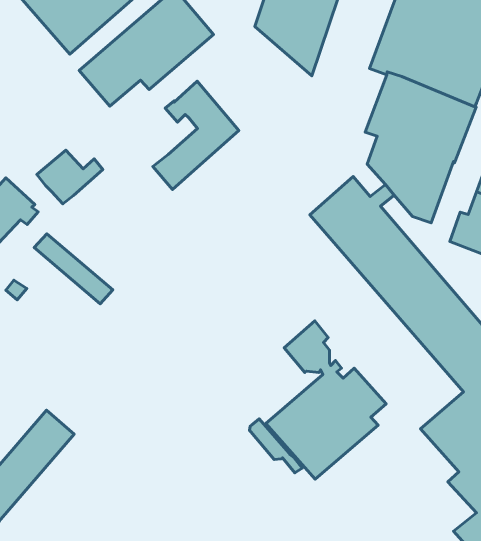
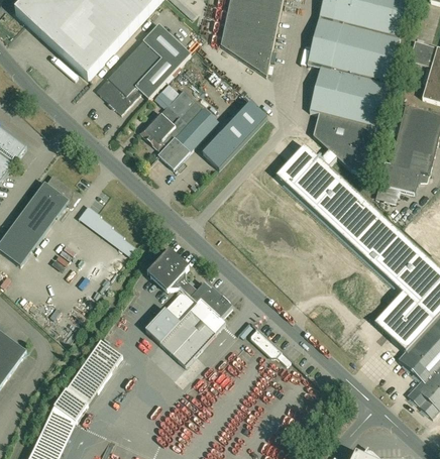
building: none -> [205,100,267,168]
building: [37,150,103,204] -> [139,111,187,150]
building: [266,321,386,479] -> [144,250,230,365]

